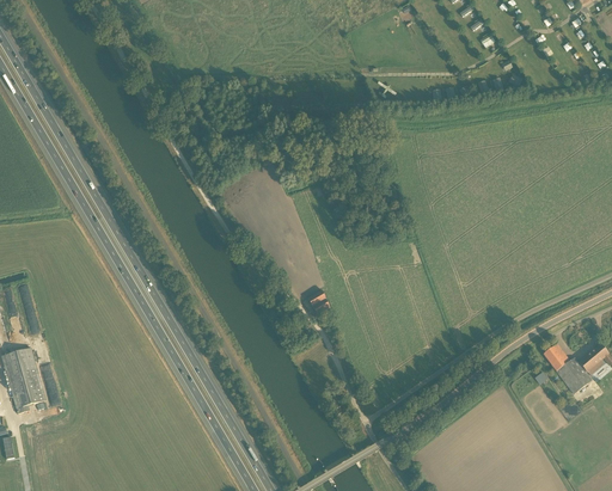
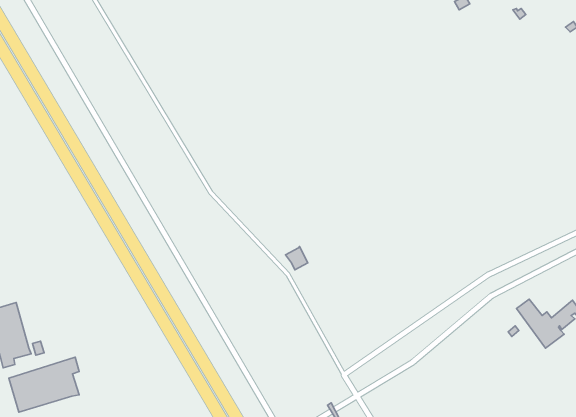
building: none -> [9,357,79,412]

